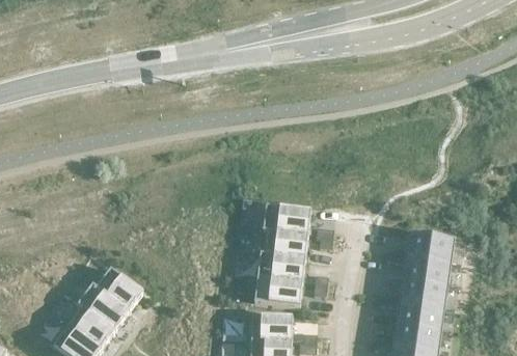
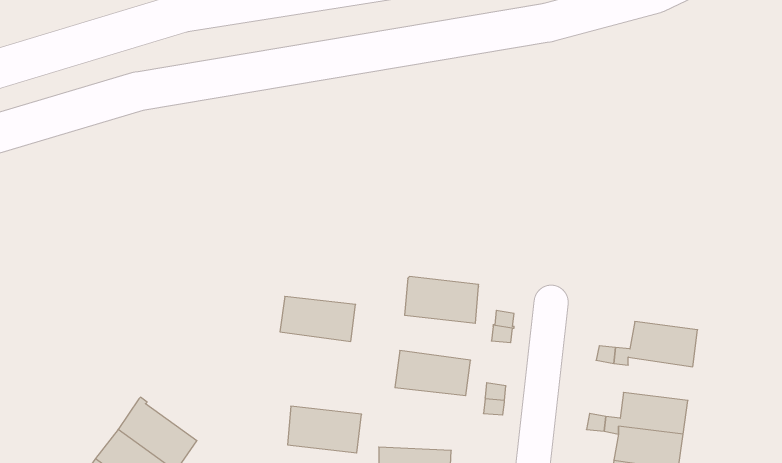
building: [260,228,308,257] -> [280,296,356,341]
building: [404,255,448,283] -> none
building: [96,266,143,309] -> none
building: [254,275,302,305] -> [288,406,362,453]

